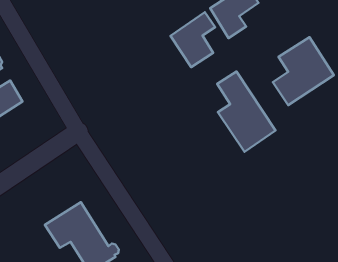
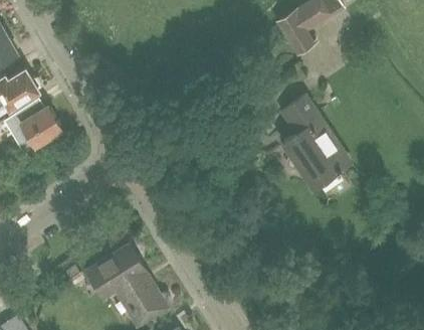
building: [171,12,215,67] -> none
building: [273,37,334,105] -> none

